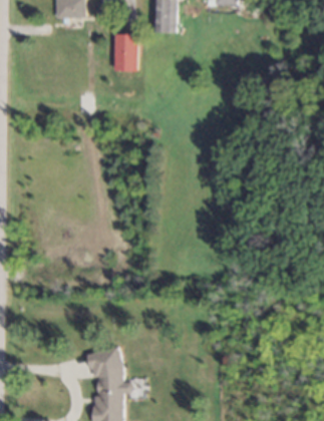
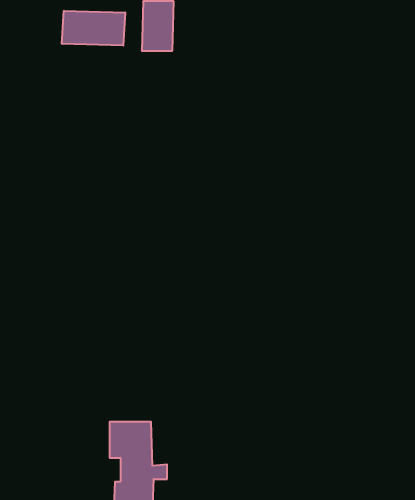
building: none -> [62,11,125,46]

